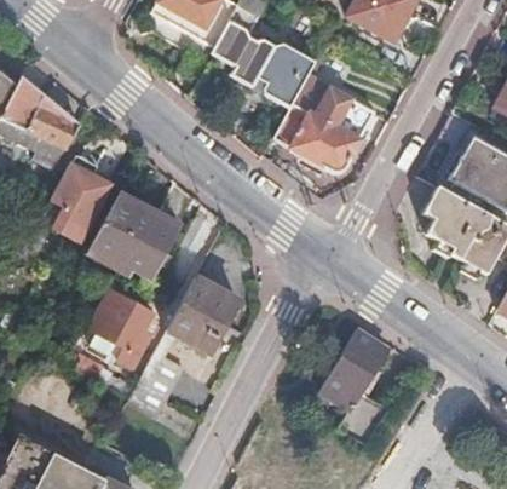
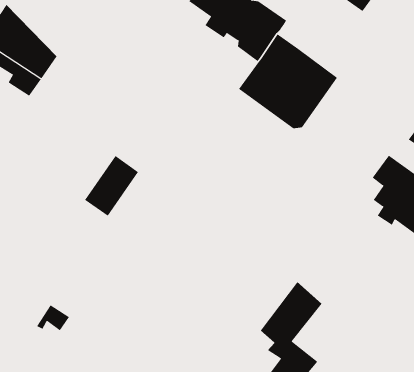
building: [53,153,109,241] -> none
building: [88,200,152,269] -> none
building: [133,276,238,409] -> none
building: [99,294,154,353] -> none

